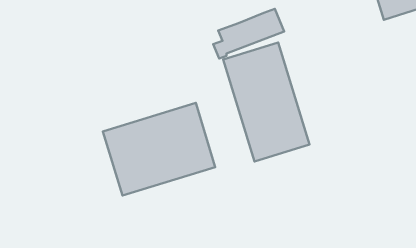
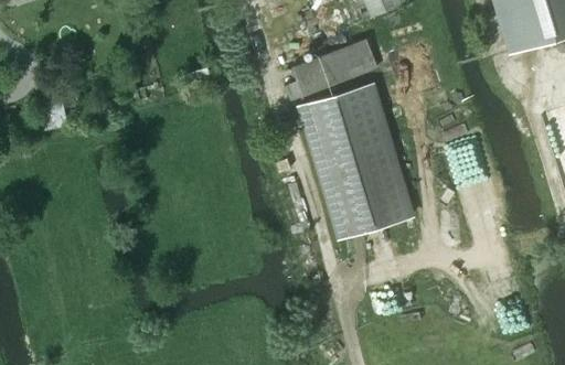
building: [103,103,215,195] -> none

